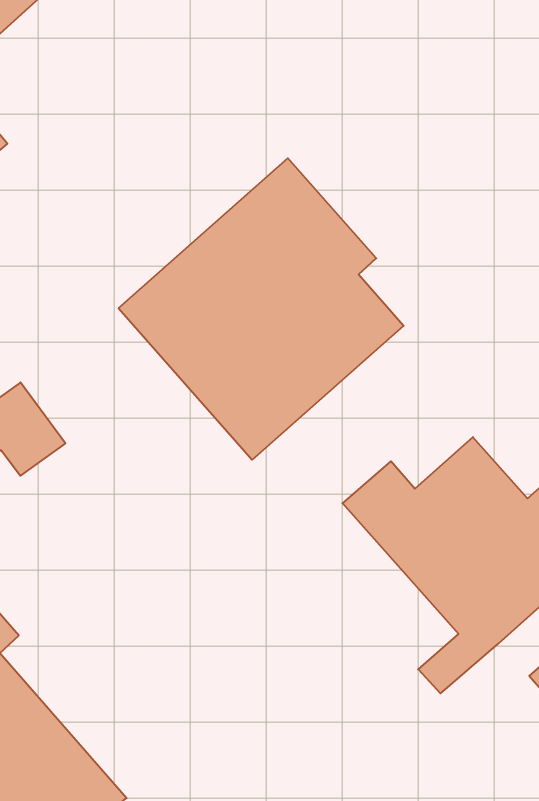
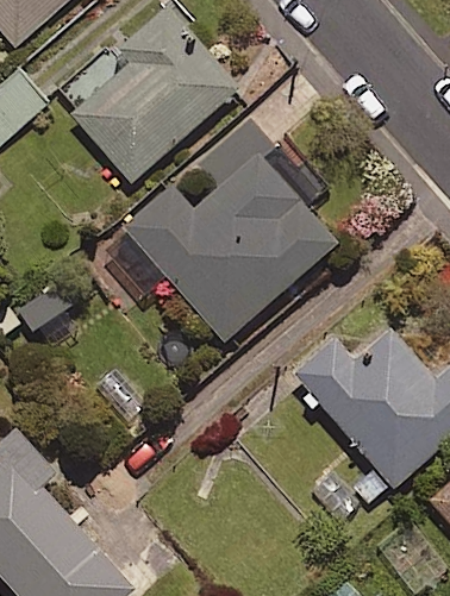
building: none -> [65,13,242,186]

